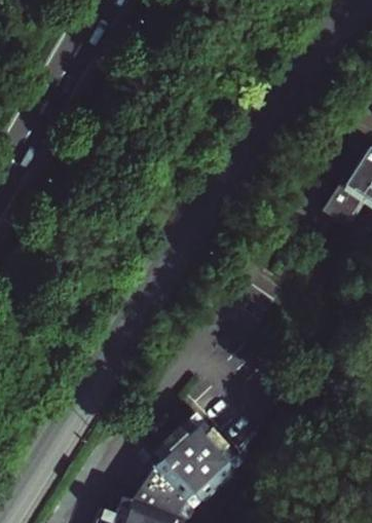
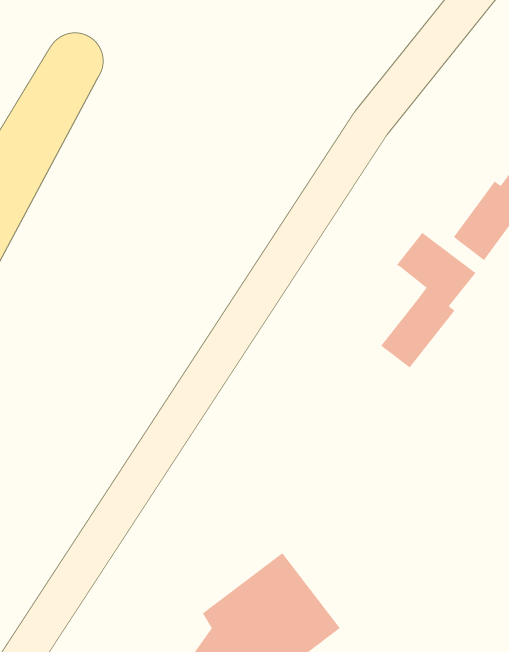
building: none -> [380,232,476,368]

